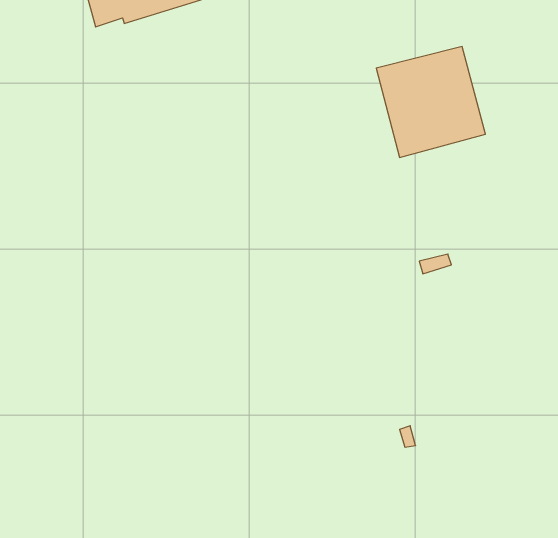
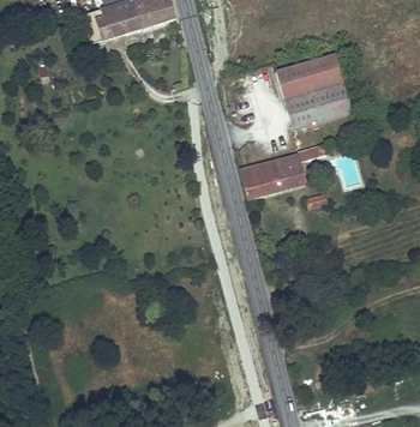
building: none -> [240,144,329,198]

